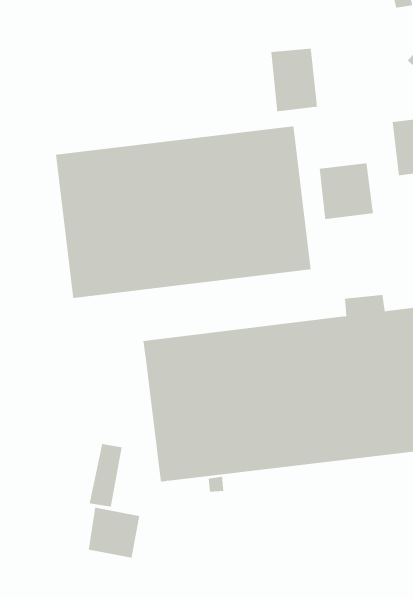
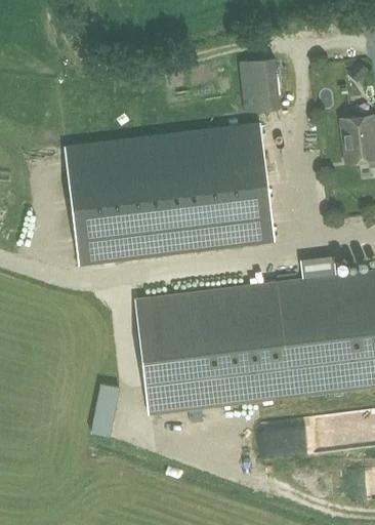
building: [319,162,373,220] -> none
building: [88,507,140,559] -> none

